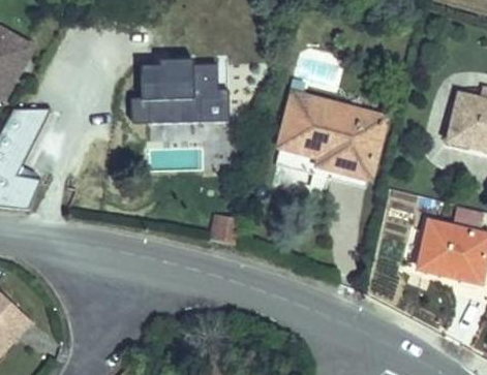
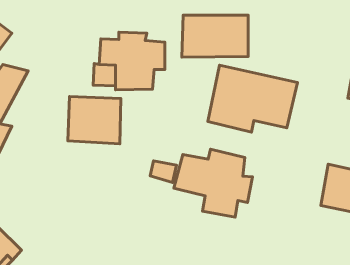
building: none -> [182,15,248,57]
building: none -> [68,97,121,144]
building: none -> [174,149,252,217]

